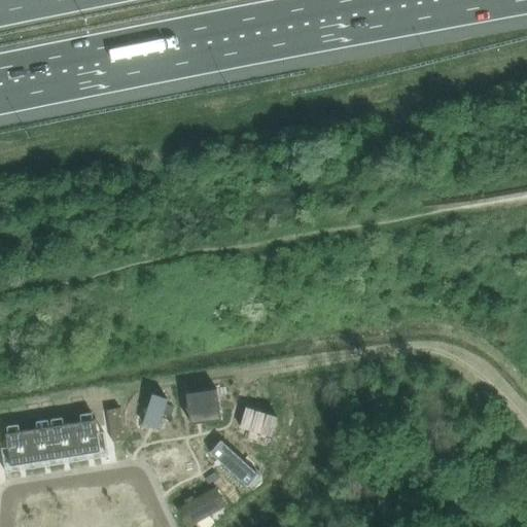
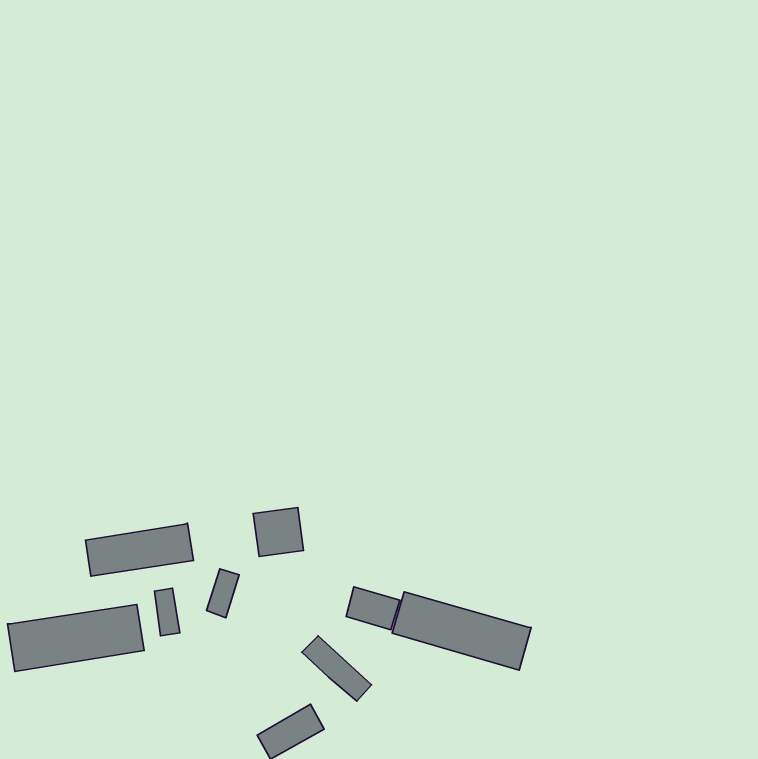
building: none -> [85,523,193,576]
building: [185,389,220,423] -> [253,507,304,556]
building: none -> [392,592,531,670]

